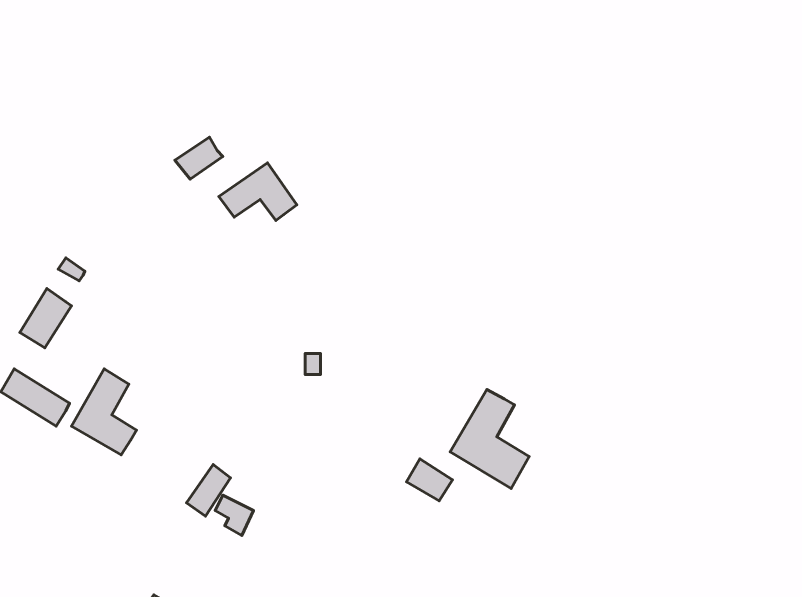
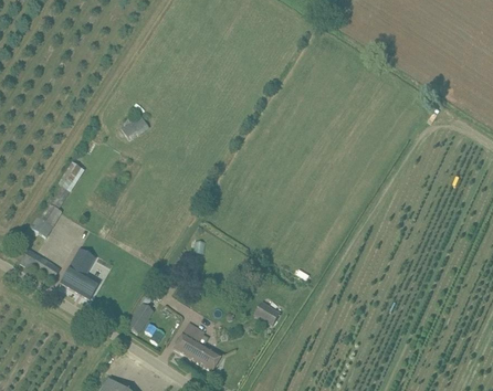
building: [219,163,297,220] -> none
building: [450,390,529,489] -> none
building: none -> [172,321,219,370]

